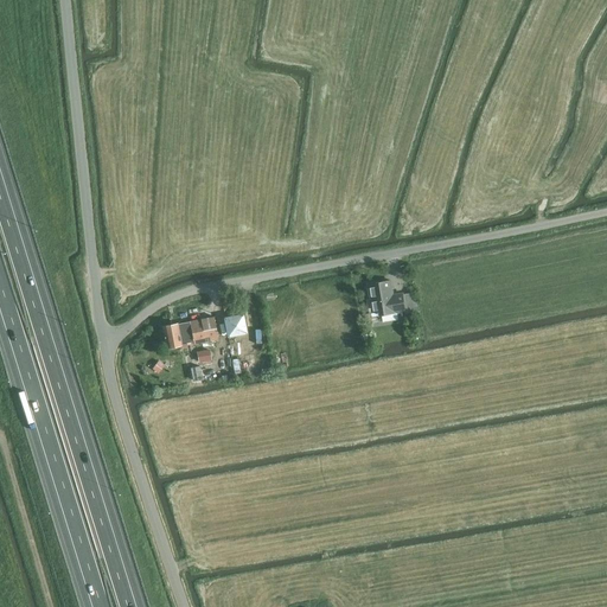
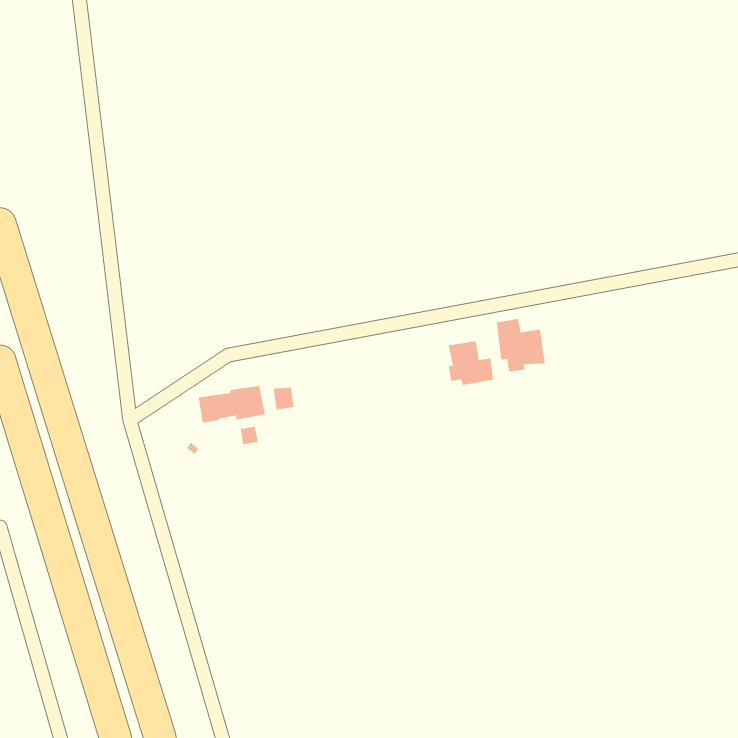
building: none -> [496,318,545,372]

